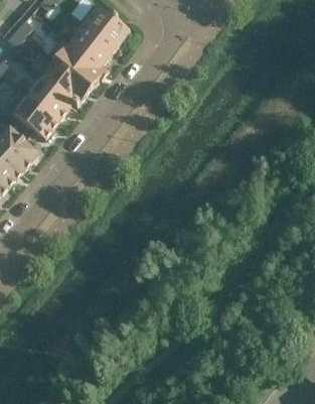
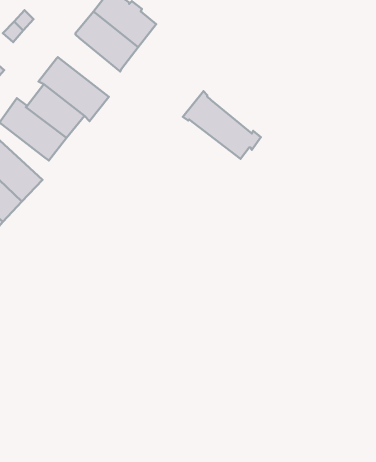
building: [46,35,108,89] -> [183,91,261,159]

